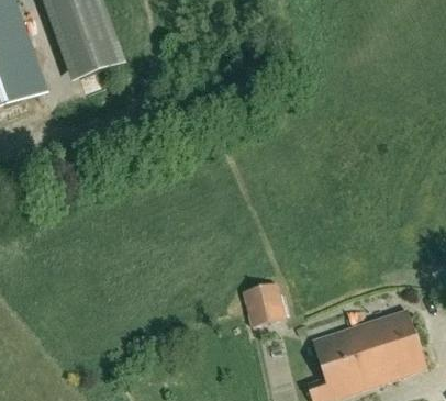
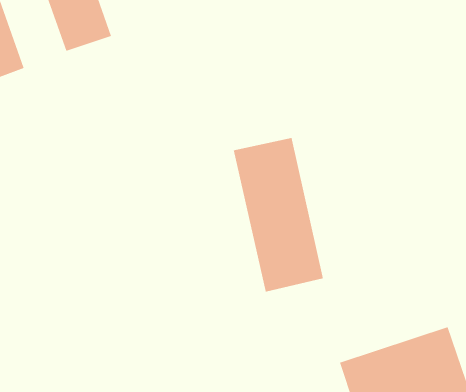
building: none -> [233,137,323,293]
building: [243,283,285,325] -> none

